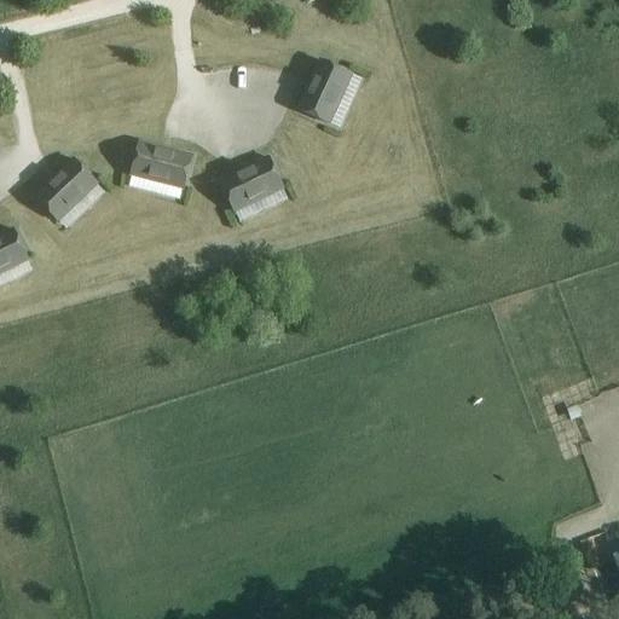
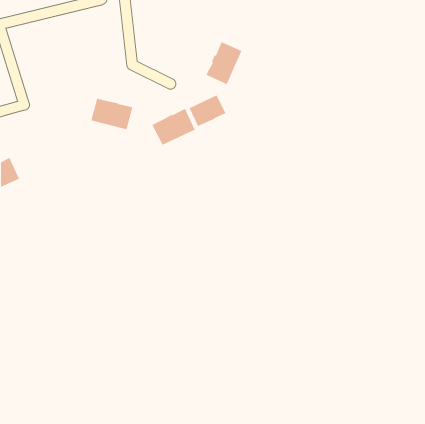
building: none -> [189,95,226,127]
building: [35,160,98,221] -> none

